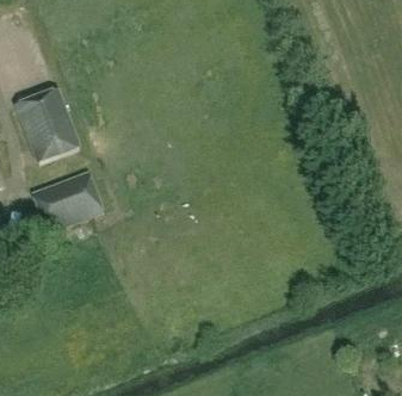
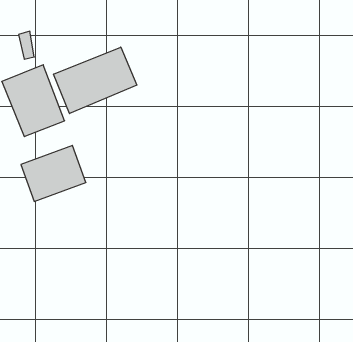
building: none -> [54,47,137,114]

